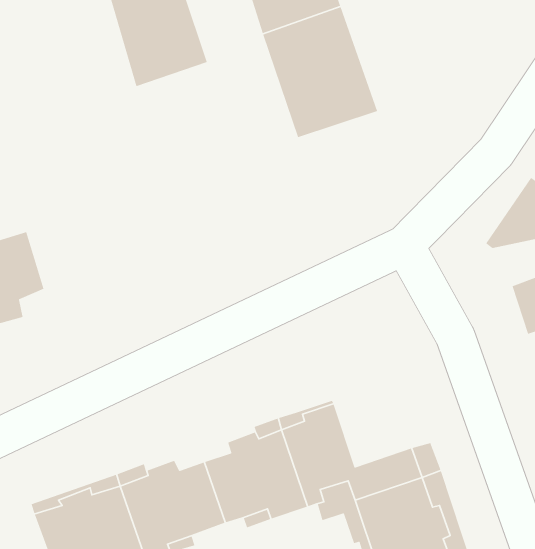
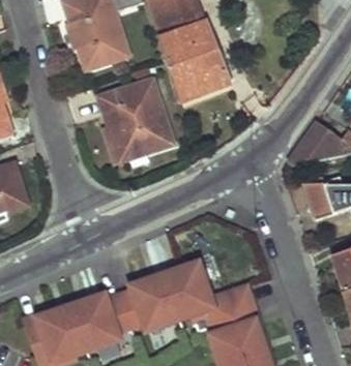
building: none -> [97,81,170,158]

